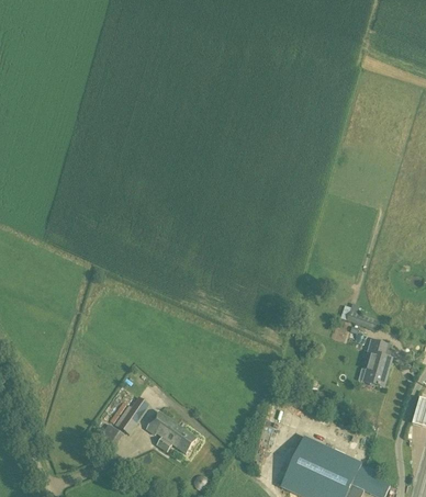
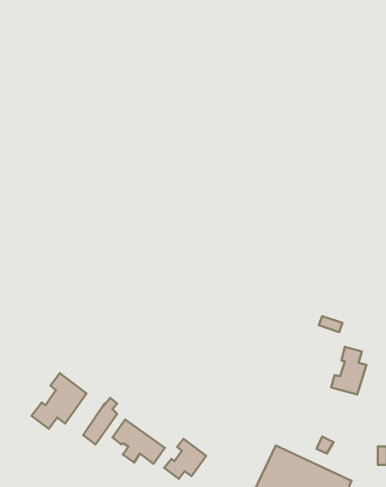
building: none -> [31,373,86,429]
building: none -> [164,439,206,479]

